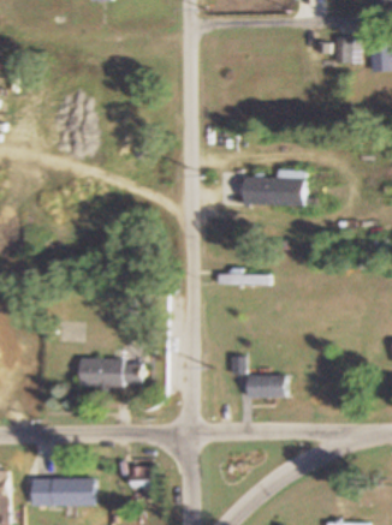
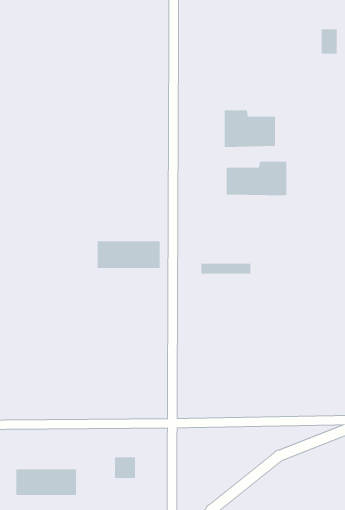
building: none -> [224,109,275,148]
building: [232,357,286,396] -> none
building: [79,359,143,387] -> [97,241,160,268]

